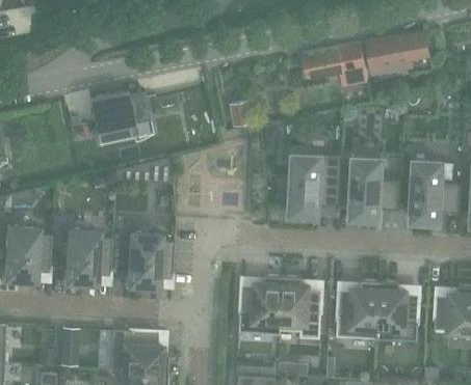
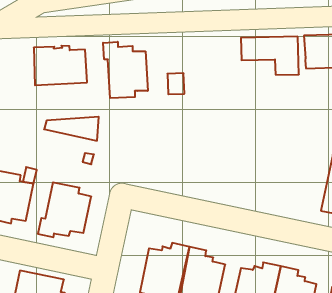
building: none -> [103,42,148,98]
building: [288,156,340,216] -> none
building: [349,159,399,219] -> none

